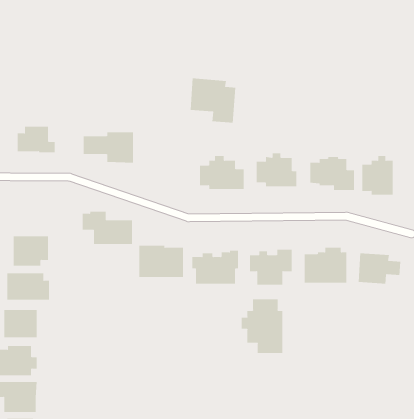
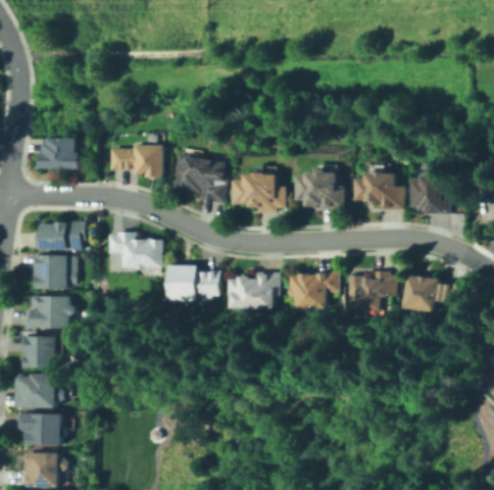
building: [190,78,236,123] -> [174,151,224,200]
building: none -> [37,220,84,247]
building: [241,299,283,354] -> none

